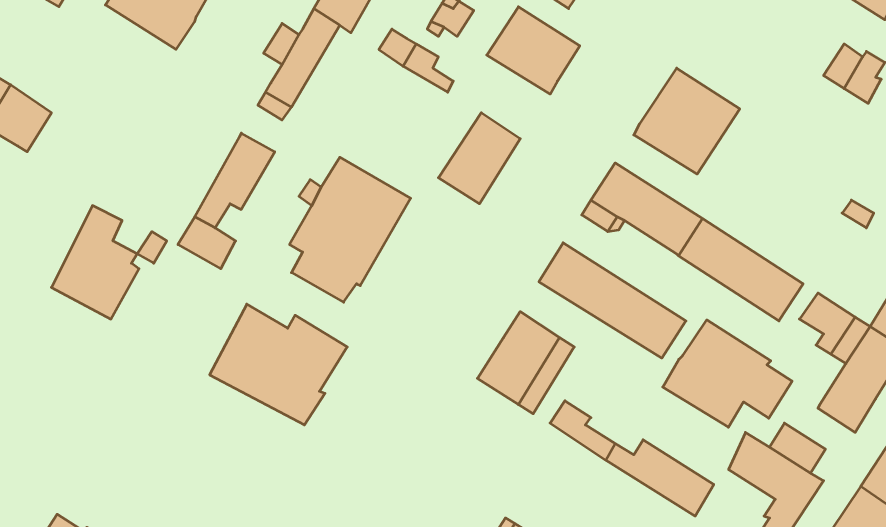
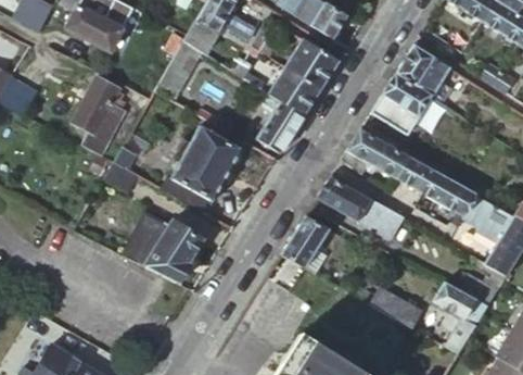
building: none -> [398,43,452,96]
building: none -> [271,64,324,113]
building: [51,206,139,319] -> [68,86,119,152]
building: [663,320,792,427] -> none

